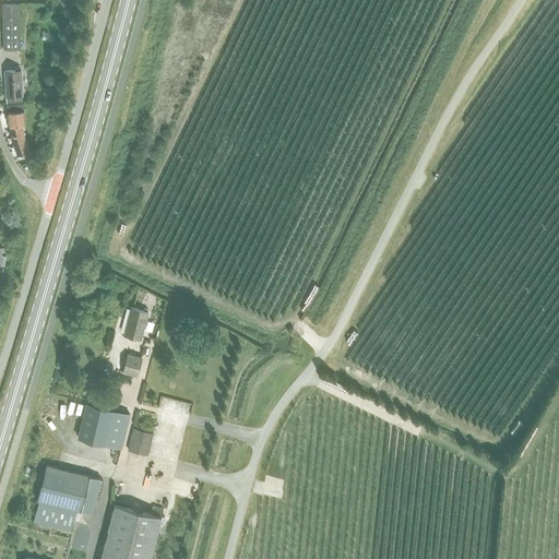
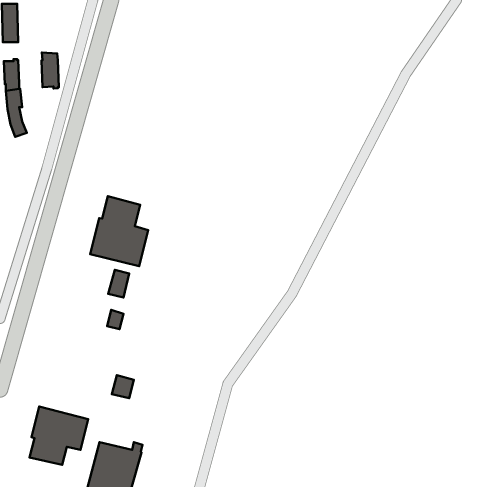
building: none -> [41,52,59,89]
building: none -> [90,196,148,266]
building: [78,405,129,450] -> none

